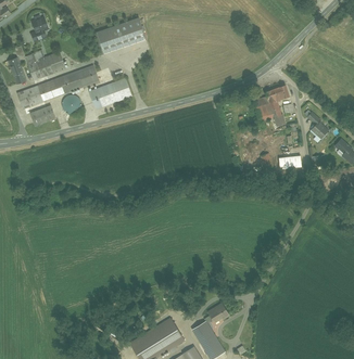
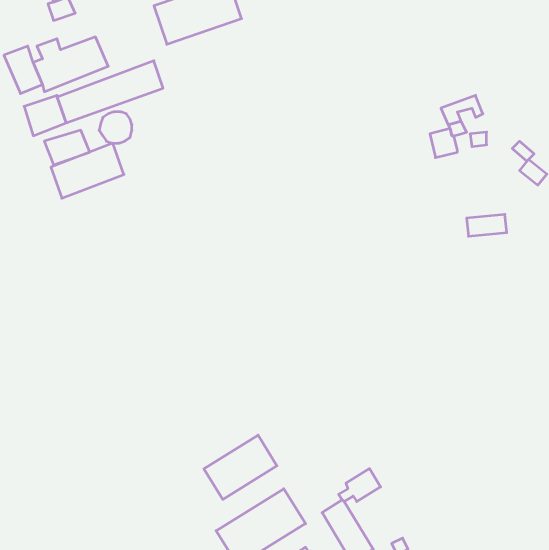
building: [89,76,132,108] -> [51,143,124,198]
building: none -> [204,435,277,499]

